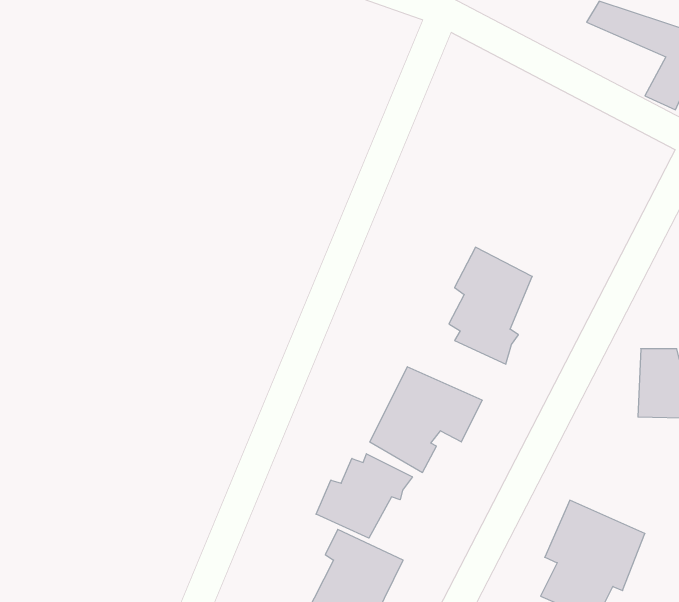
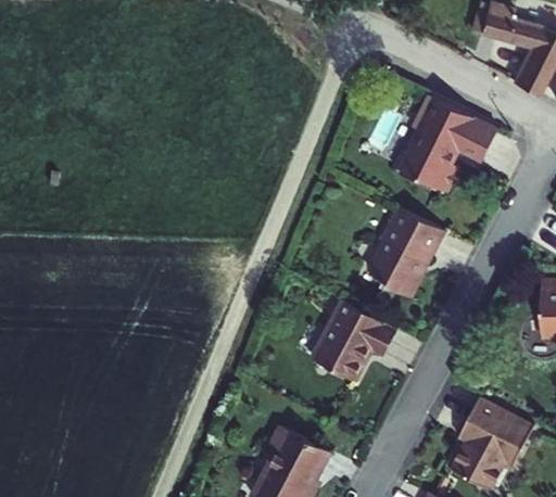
building: none -> [387,93,495,196]
building: [316,454,412,538] -> none

